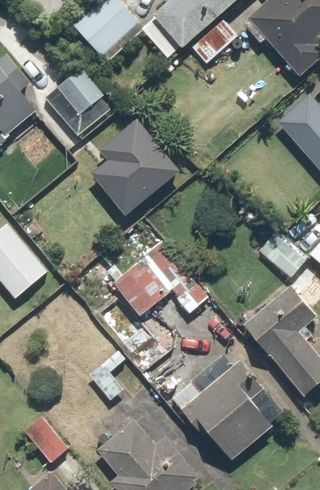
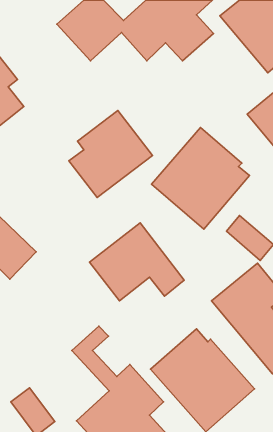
building: [41,65,107,129] -> none
building: none -> [151,128,250,229]

